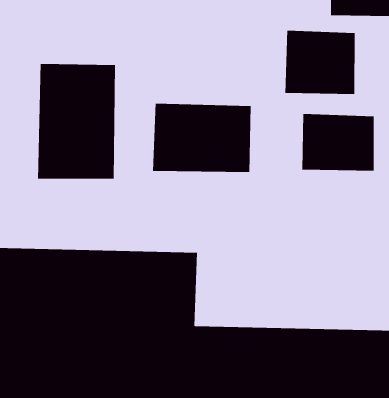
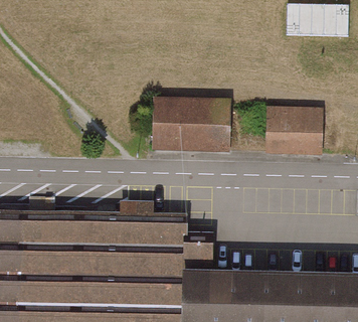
building: [285,30,355,95] -> none
building: [37,63,115,179] -> none

